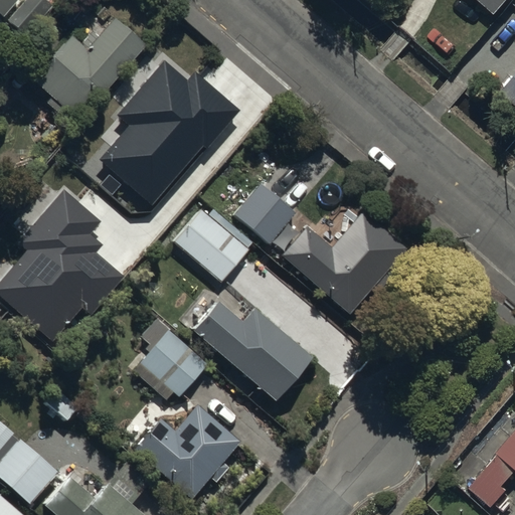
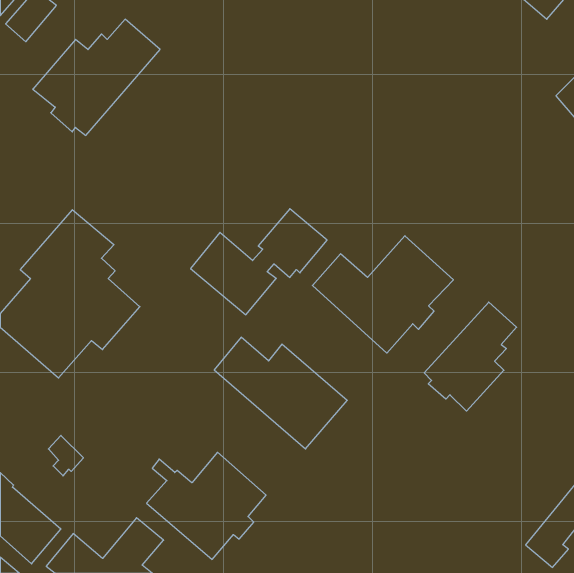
building: [102,58,240,203] -> none
building: none -> [424,302,517,411]
building: [133,325,211,399] -> none

